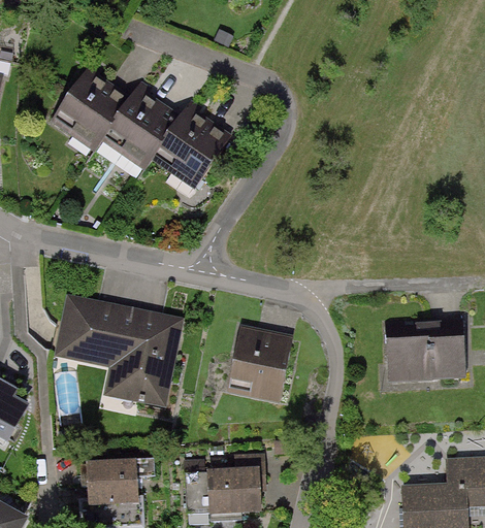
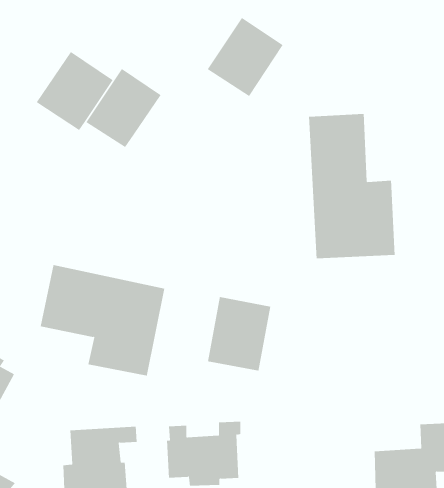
building: [152,104,231,187] -> [207,17,283,97]
building: none -> [308,113,395,259]
building: [383,315,464,382] -> none

